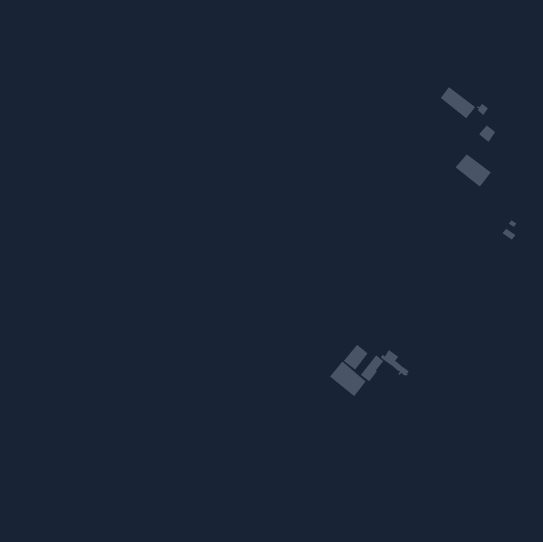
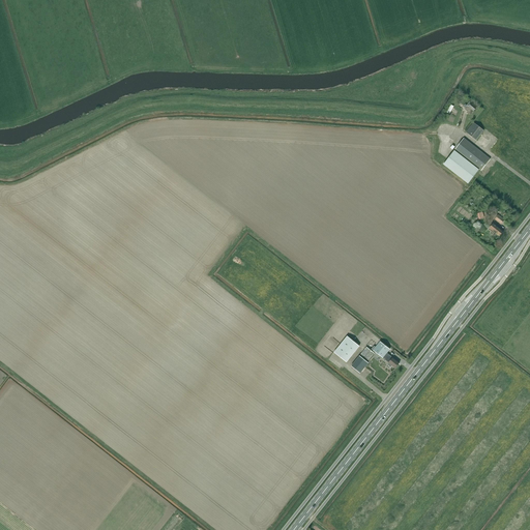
building: [440,86,476,119] -> [454,137,490,169]
building: [329,361,366,397] -> none

